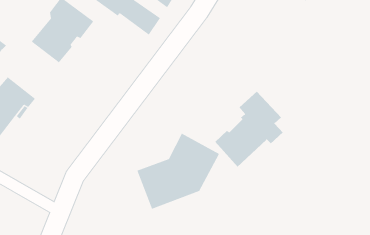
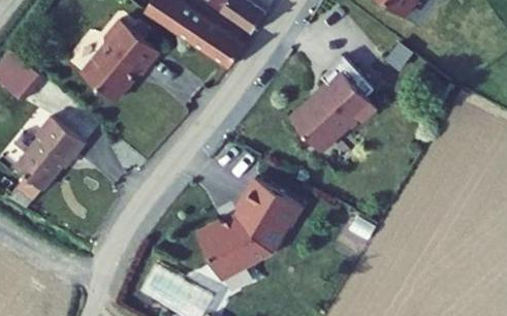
building: [214,91,283,167] -> [289,56,375,151]

